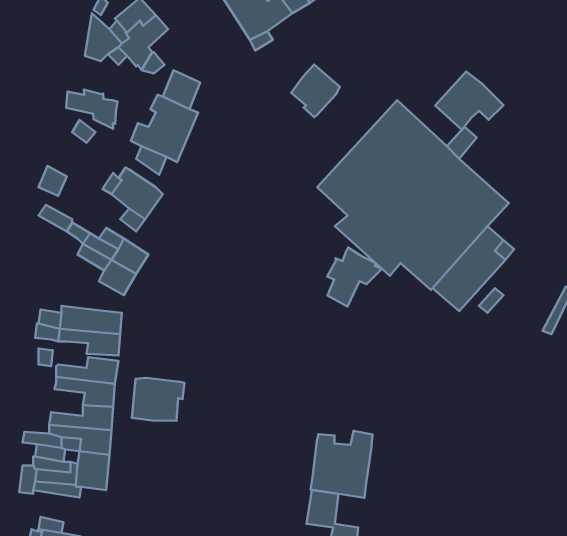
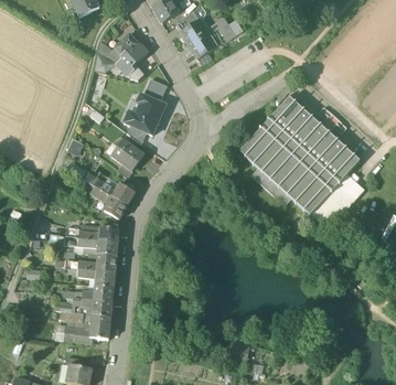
building: [291,64,340,117] -> none
building: [435,72,504,130] -> none
building: [66,89,118,129] -> none
building: [327,248,382,306] -> none
building: [132,378,184,421] -> none
building: [311,431,372,498] -> none

